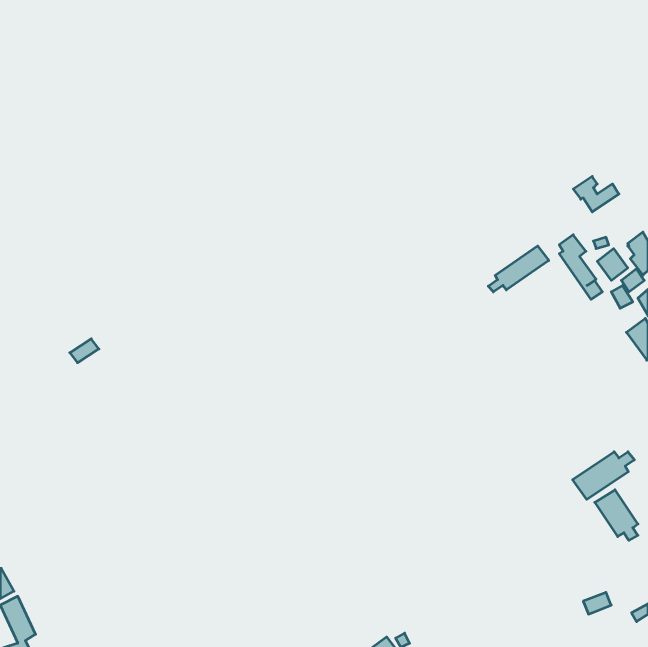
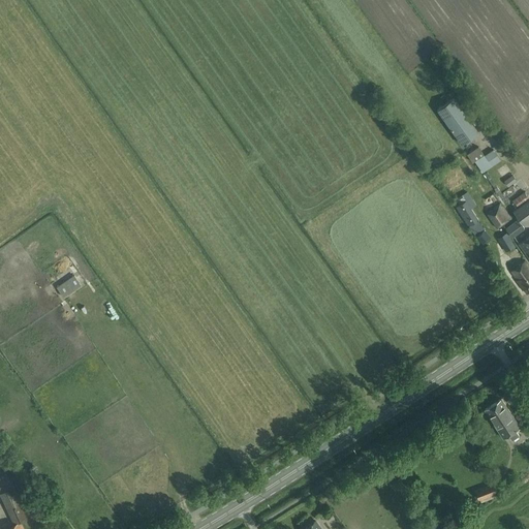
building: none -> [437,98,478,146]
building: [488,246,549,292] -> none
building: [573,452,634,499] -> none

